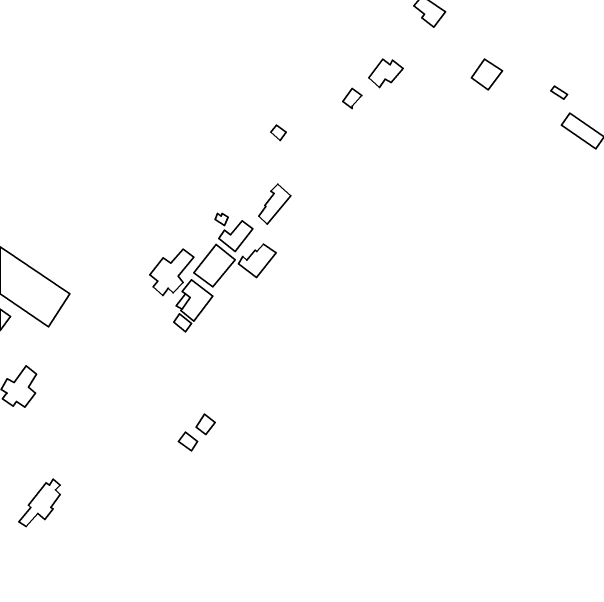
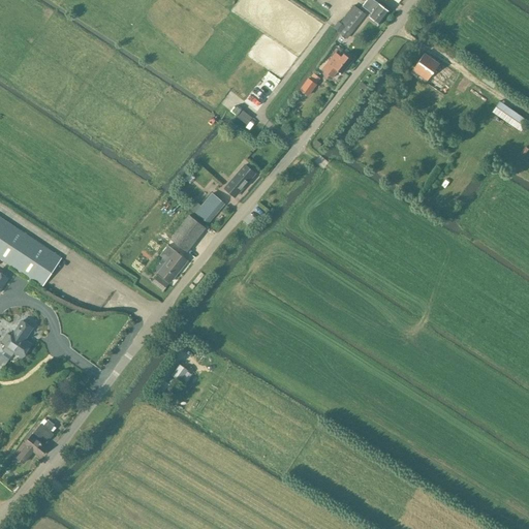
building: none -> [336,4,366,37]
building: [238,244,276,277] -> none
building: [150,249,194,295] -> none

